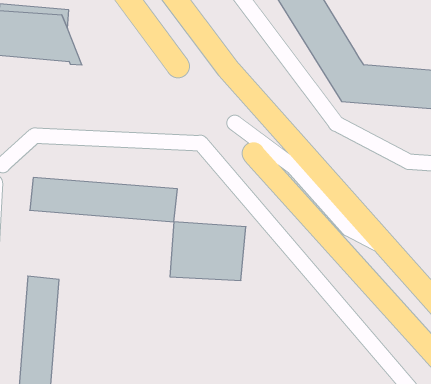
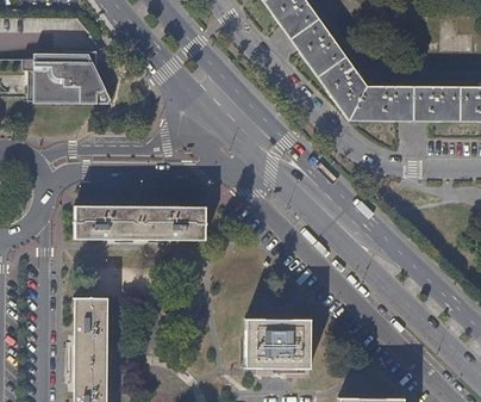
building: [170,222,246,280] -> [246,320,312,370]

